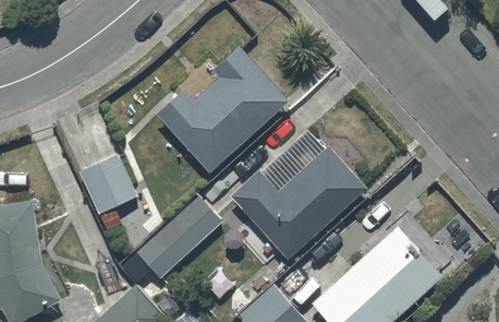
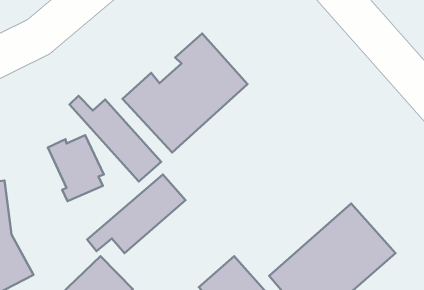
building: none -> [69,96,161,181]
building: [230,123,367,260] -> none

